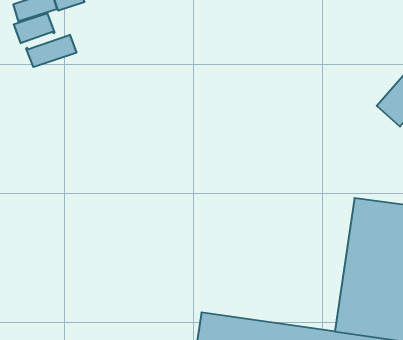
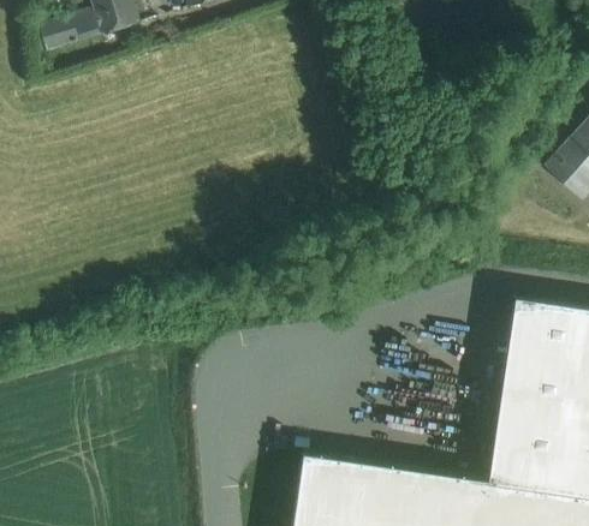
building: [14,13,54,43] -> none
building: [26,35,76,67] -> none

